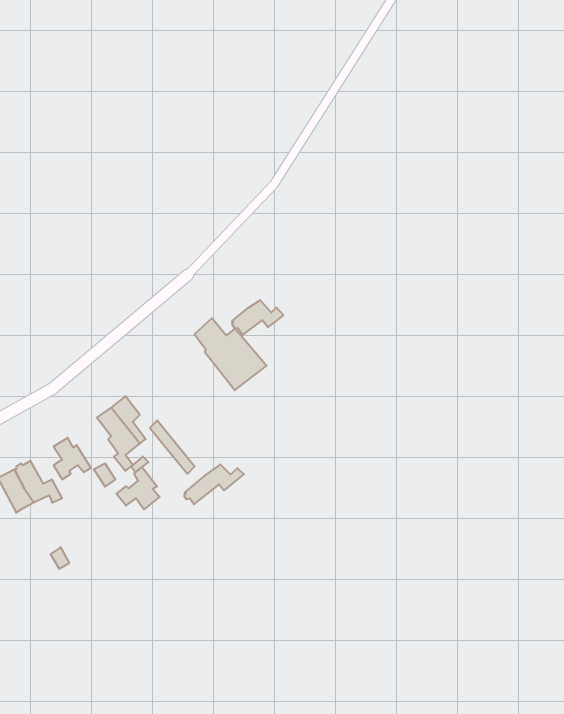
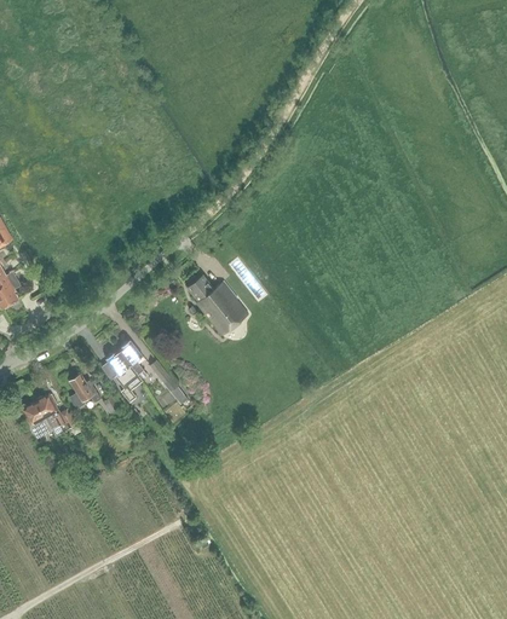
building: [232,300,283,335] -> none
building: [184,464,244,504] -> none
building: [116,467,160,509] -> none

